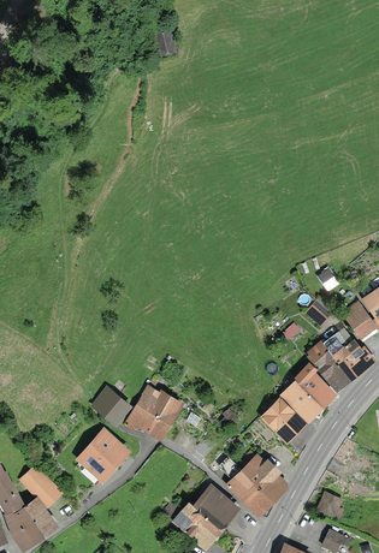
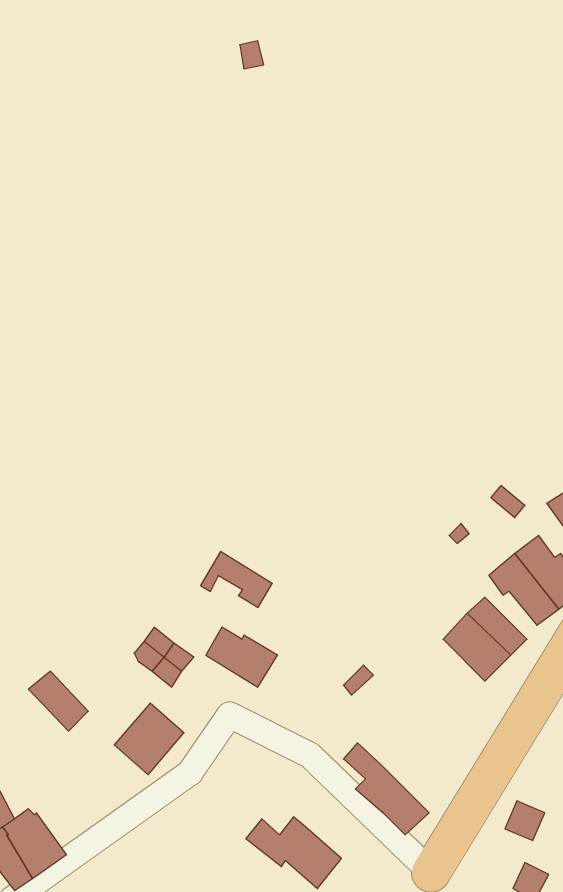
building: [265,399,300,435] -> none
building: [125,404,168,438] -> [201,552,272,607]
building: [243,453,284,499] -> none
building: [23,468,59,504] -> [28,671,88,731]
building: [197,488,236,527] -> none

